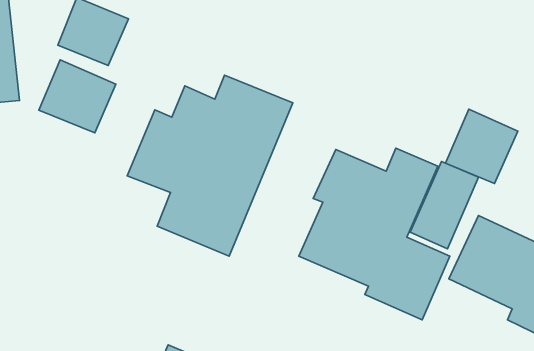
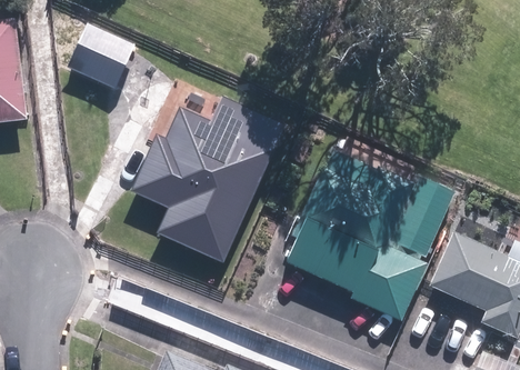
building: [39,60,116,133] -> none
building: [445,109,518,184] -> none

